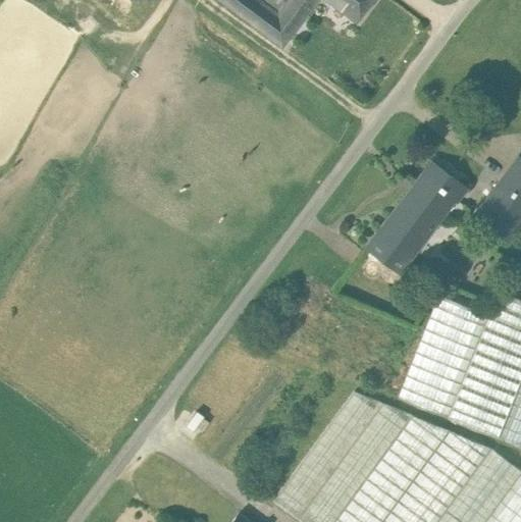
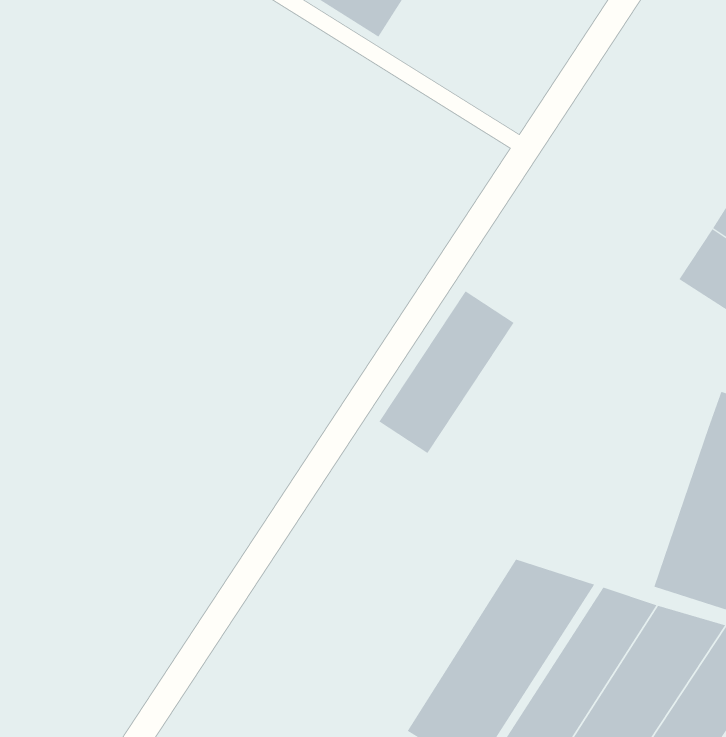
building: [369,165,464,272] -> [378,291,515,454]
building: [400,294,489,418] -> none

